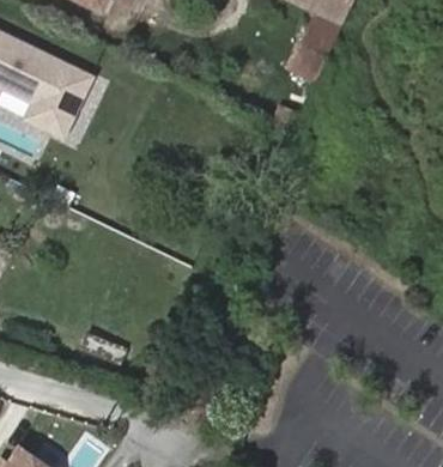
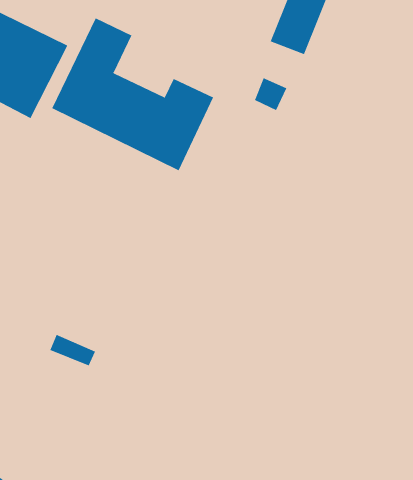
building: none -> [52,18,214,171]

